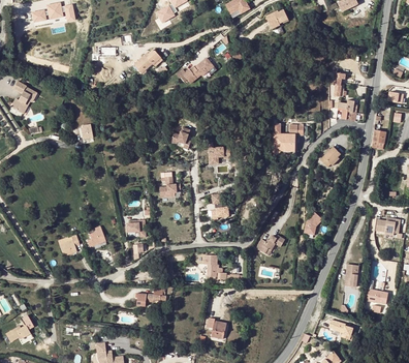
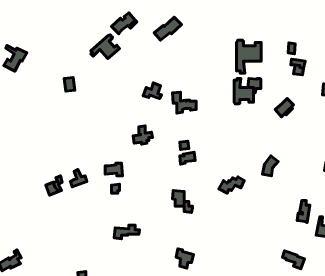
building: none -> [91,35,119,59]
building: none -> [237,40,261,73]

